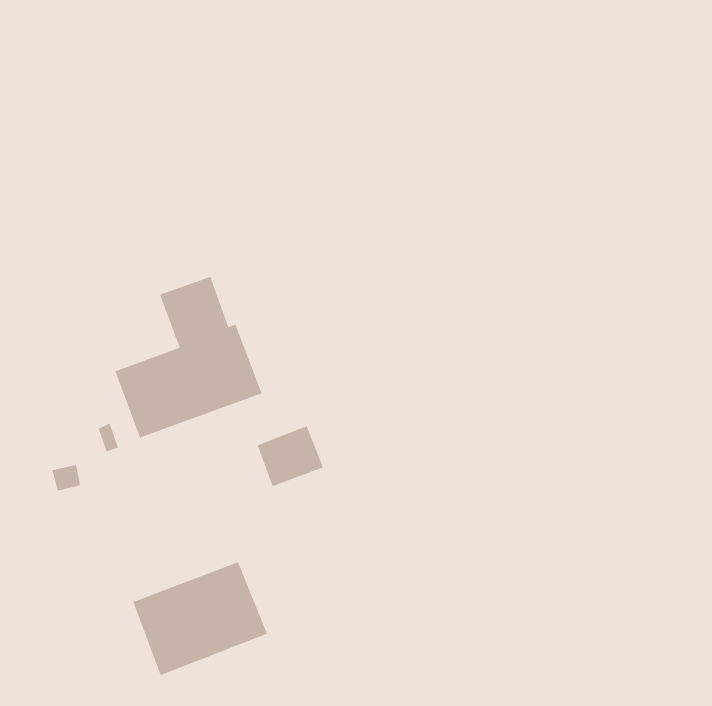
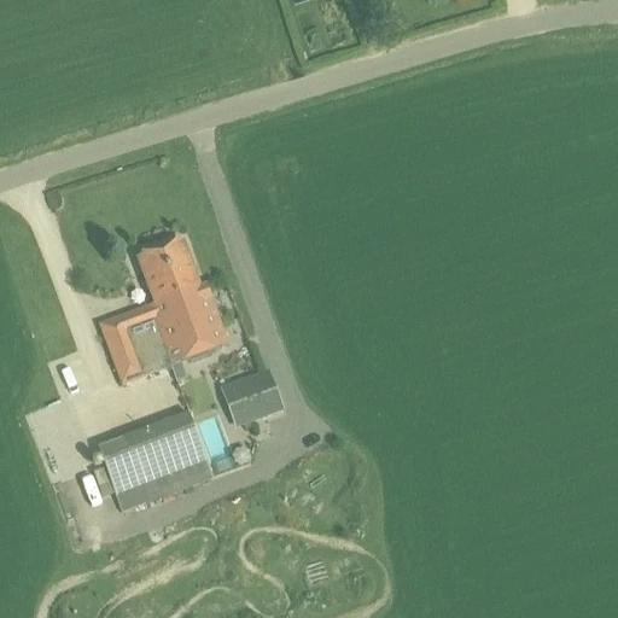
building: [132,561,268,676] -> [95,410,212,509]

